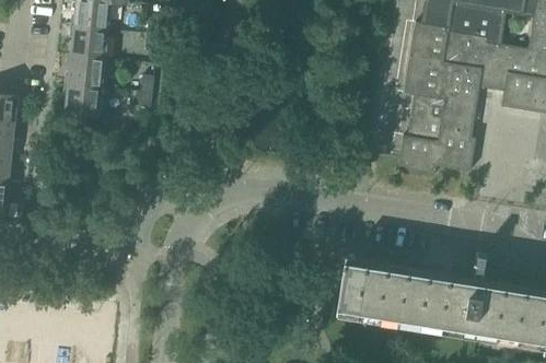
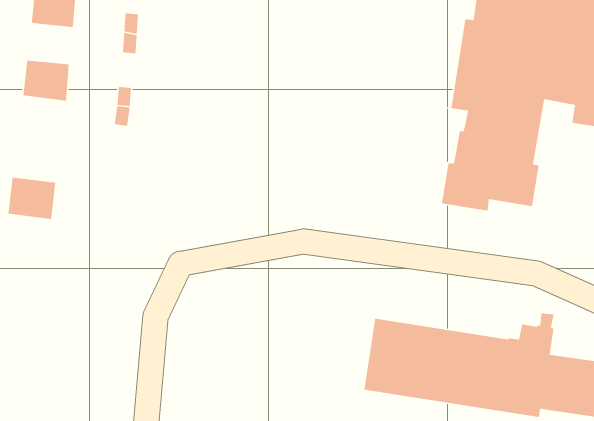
building: [69,27,106,59] -> none
building: [62,84,101,118] -> [8,177,56,220]

